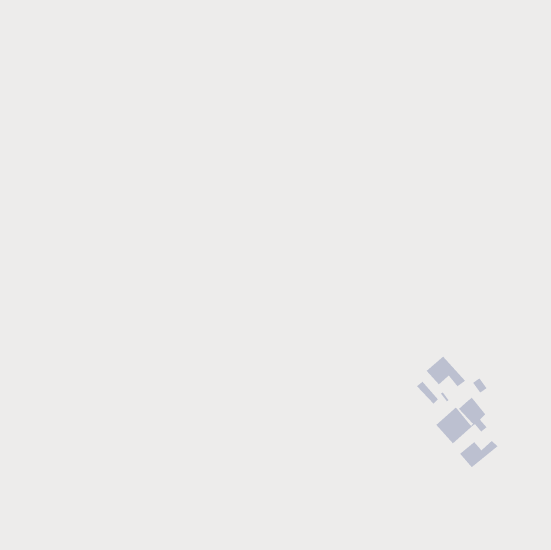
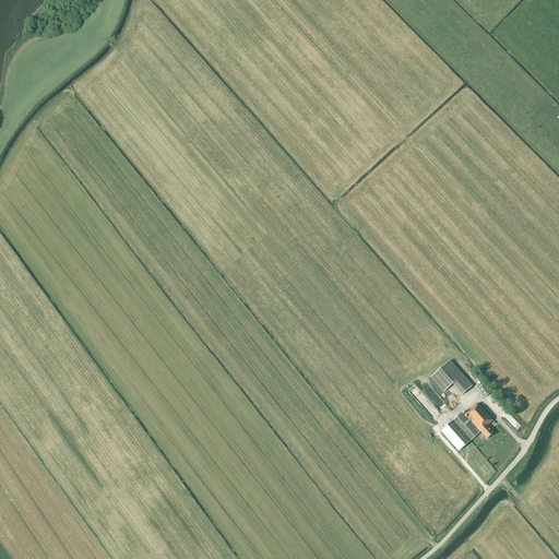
building: [459,440,499,468] -> none

